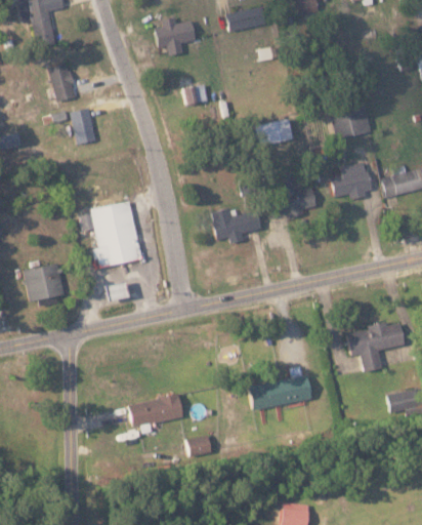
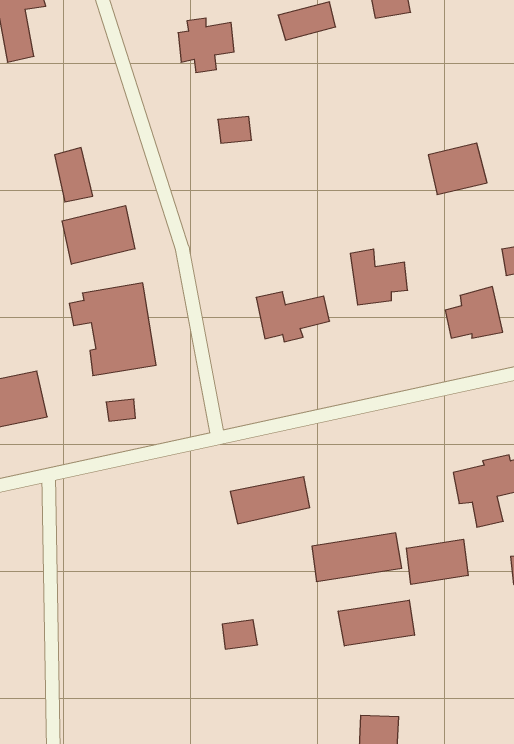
building: [48,62,78,102] -> none
building: [256,118,294,145] -> none
building: none -> [62,206,135,264]
building: [332,161,372,197] -> [445,287,503,338]
building: none -> [406,539,468,584]
building: [128,394,183,427] -> [230,477,310,524]
building: none -> [338,600,414,646]

